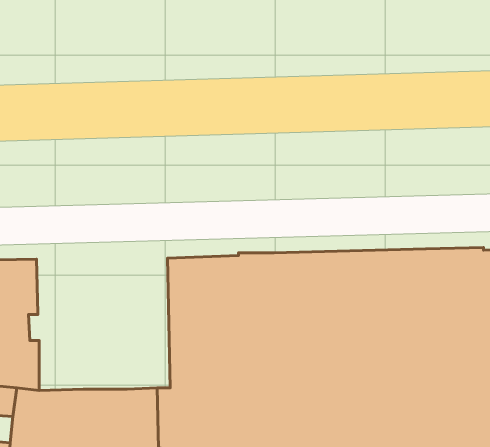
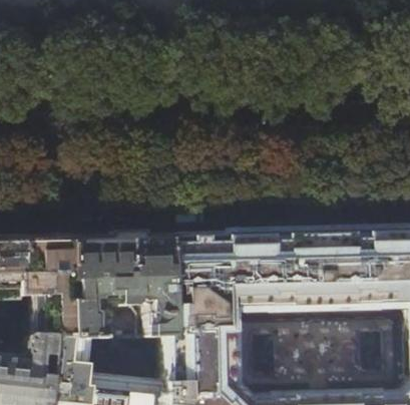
building: none -> [49,229,151,331]

